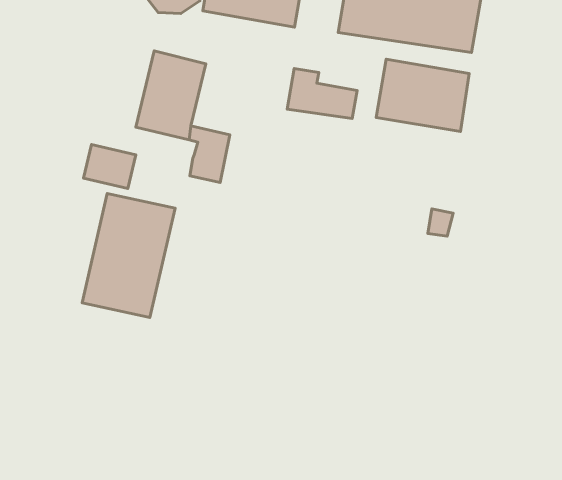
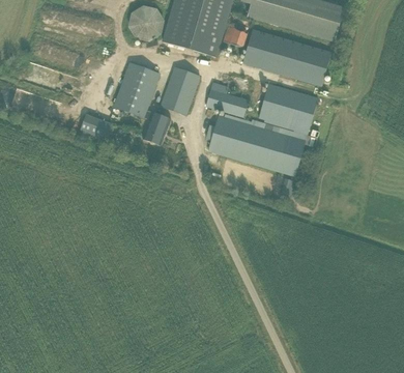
building: none -> [160,65,199,115]
building: none -> [205,113,307,175]
building: [82,193,175,318] -> none

